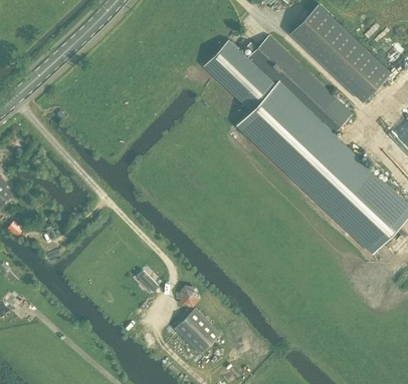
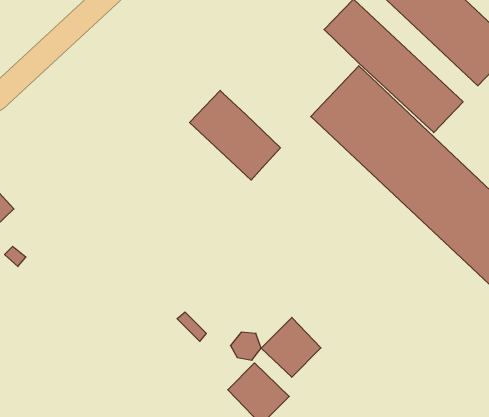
building: [204,41,272,108] -> [190,90,280,180]
building: none -> [261,317,321,377]

